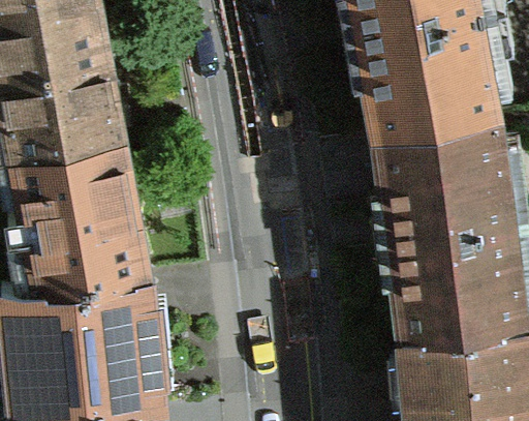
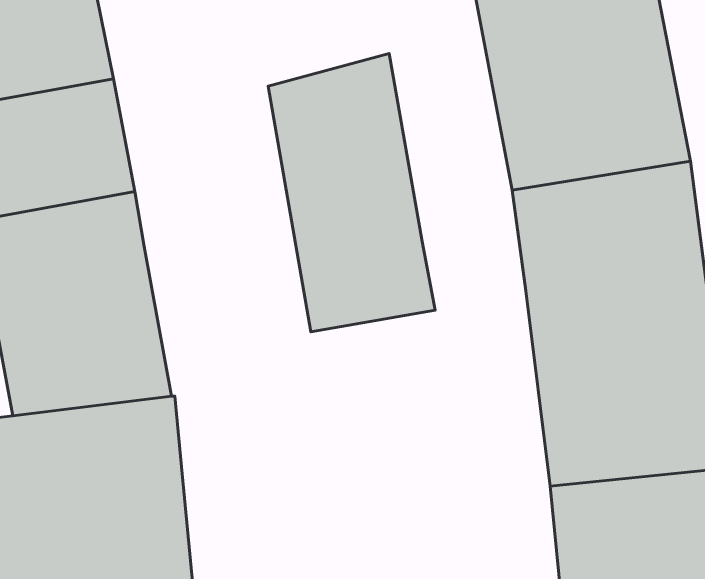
building: none -> [268,54,435,332]

